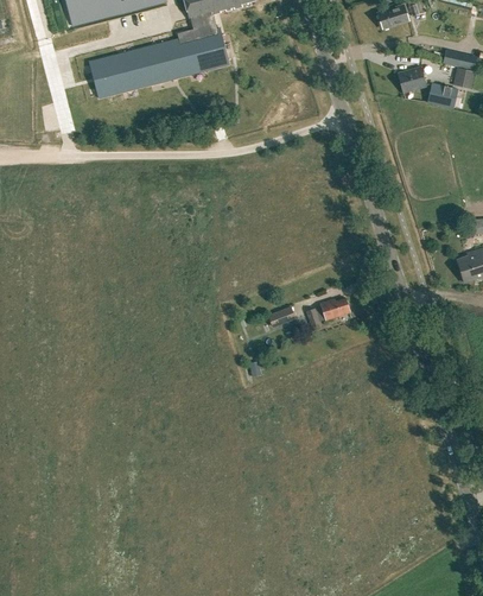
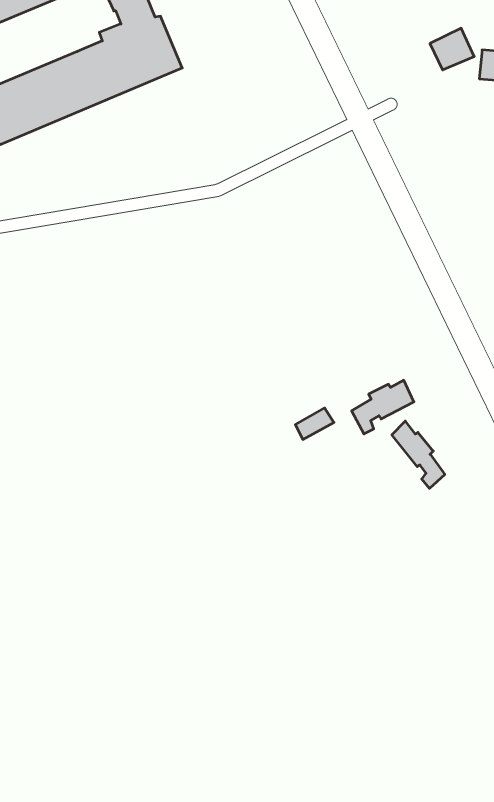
building: none -> [392,421,445,488]

